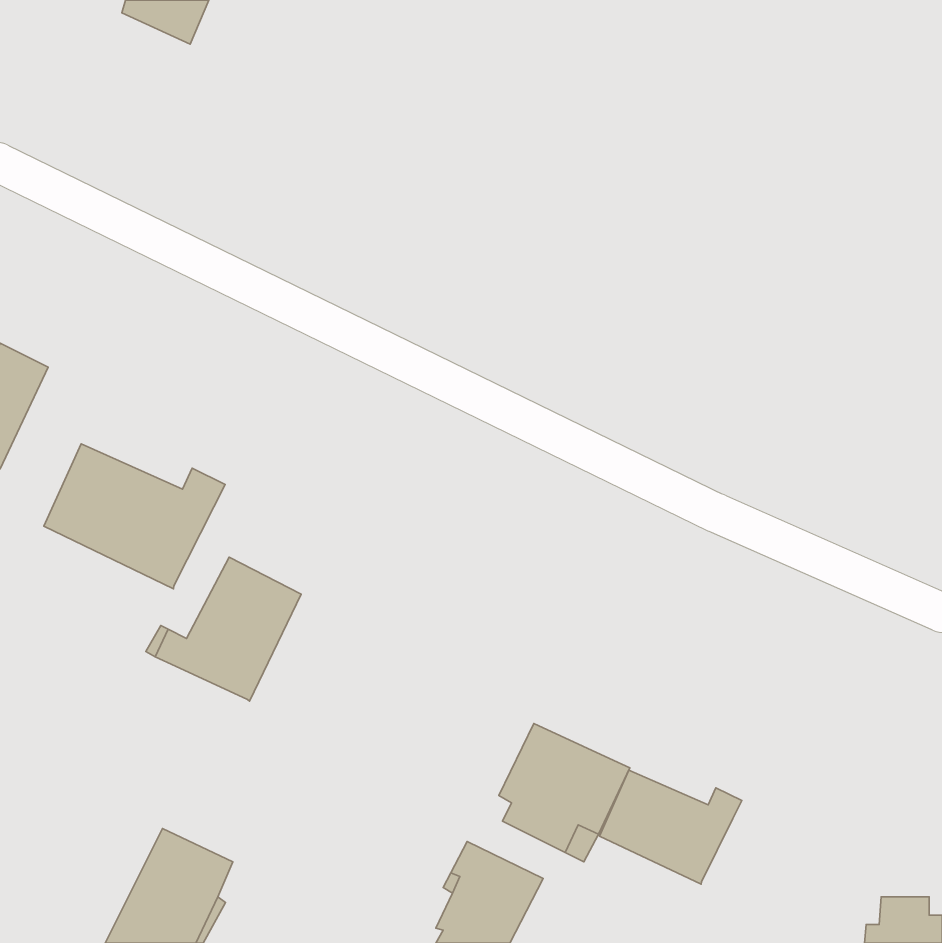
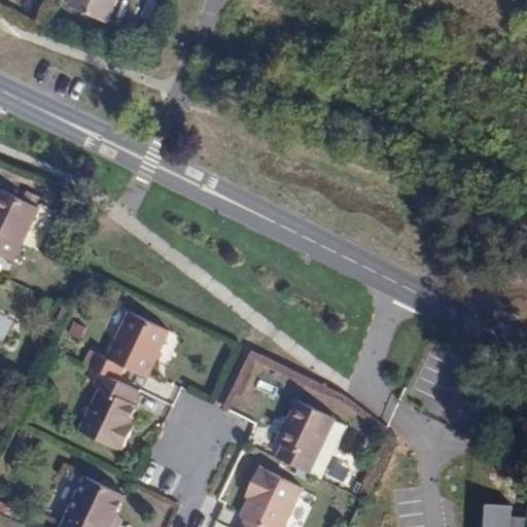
building: [44,444,225,589] -> none
building: none -> [70,372,138,451]
building: [600,770,742,884] -> none

